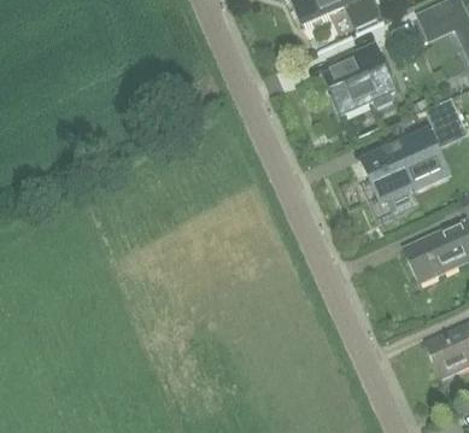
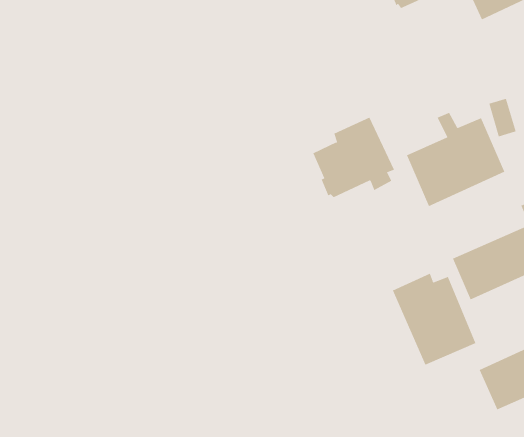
building: [324,42,395,112] -> [312,117,395,198]
building: none -> [392,273,476,365]

